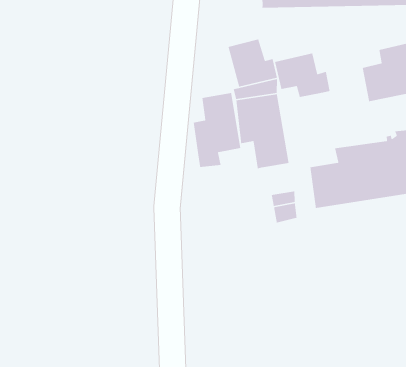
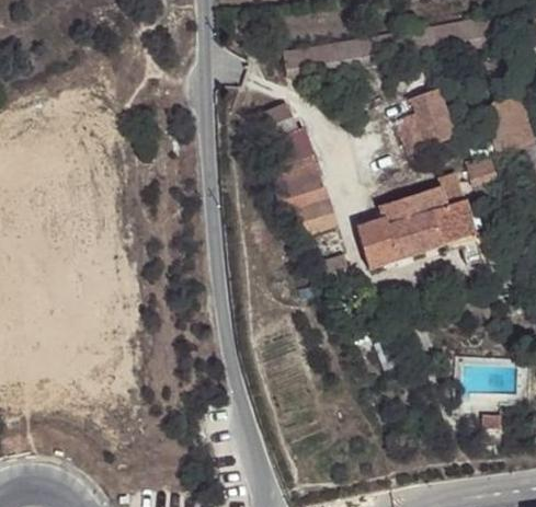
building: [274,52,330,98] -> none
building: [193,92,241,168] -> none

